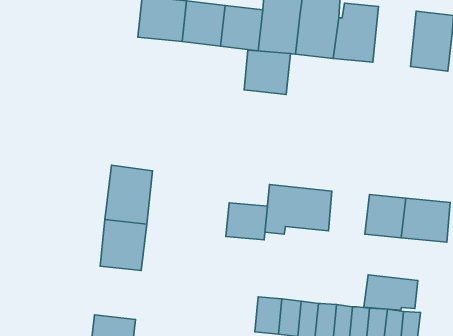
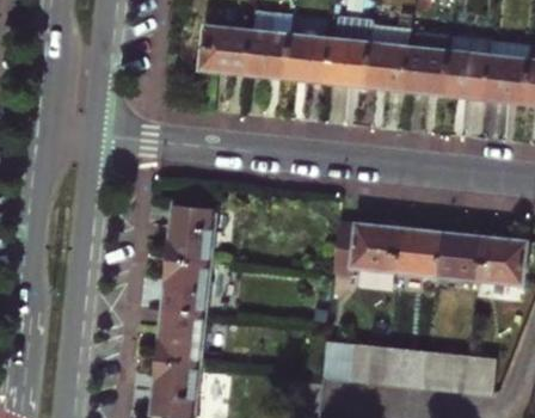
building: none -> [447,36,492,99]
building: [244,50,290,94] -> none
building: none -> [400,230,443,276]
building: [226,203,267,240] -> none
building: none -> [154,309,203,365]
building: [364,275,418,310] -> none

